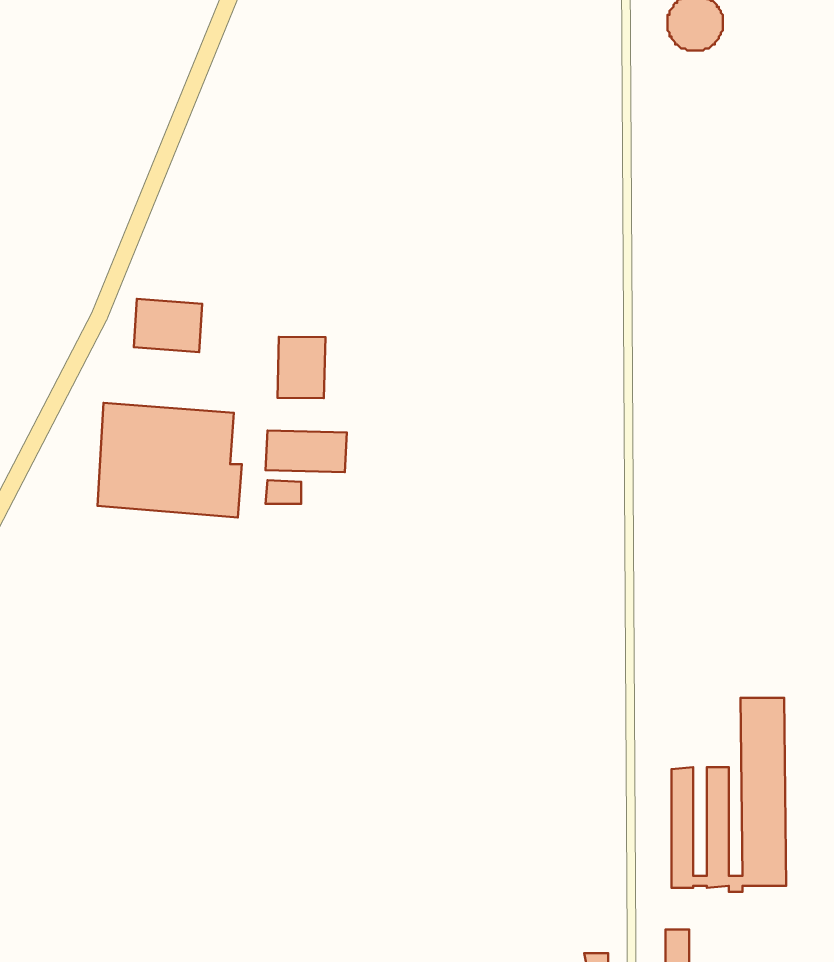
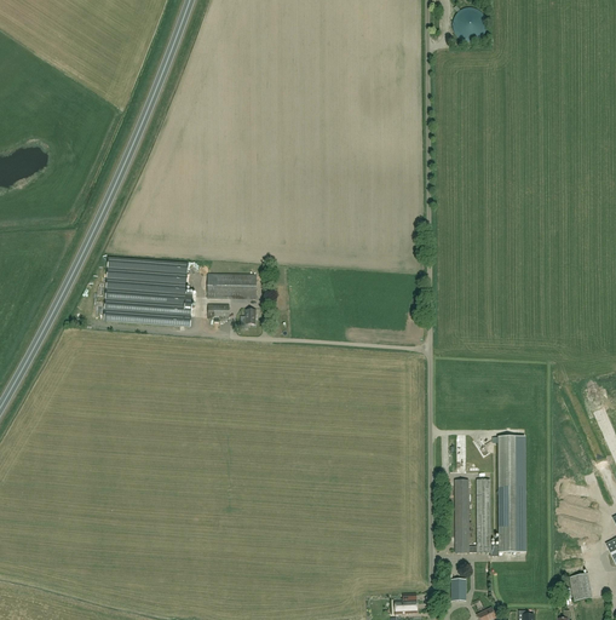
building: [134,299,202,352] -> none
building: [277,337,325,398] -> none

